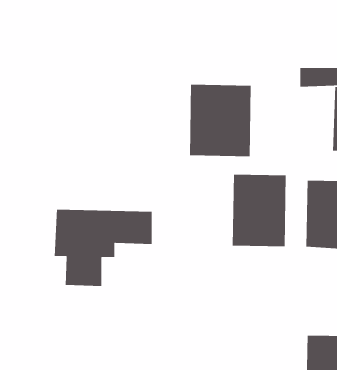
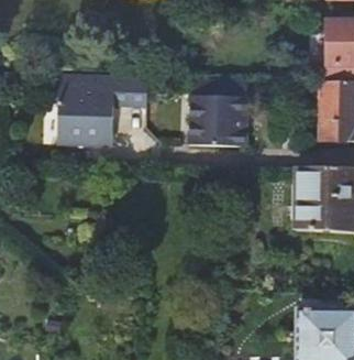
building: [232,174,287,247] -> none
building: [54,209,152,287] -> [57,74,147,145]

